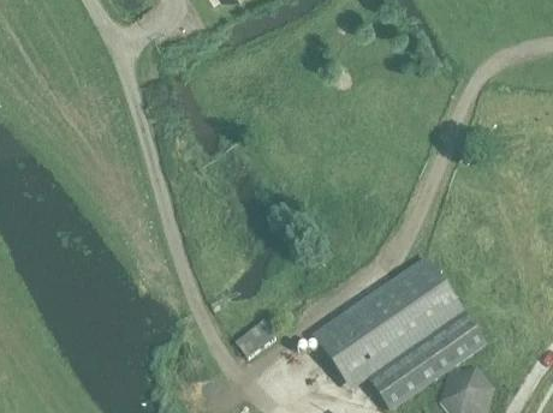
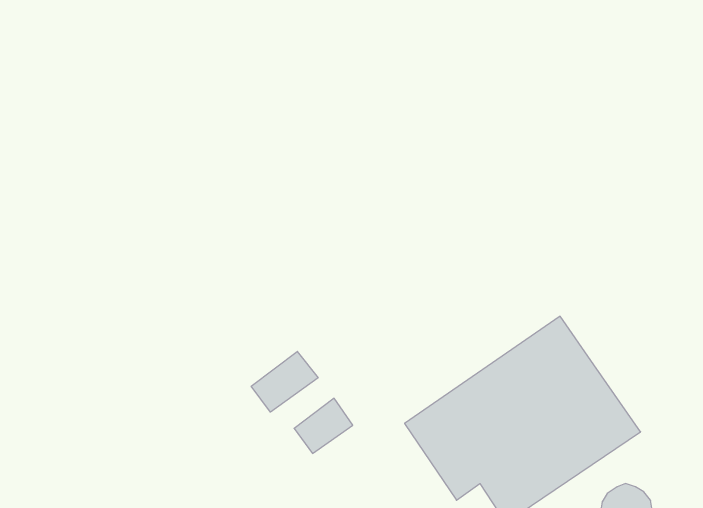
building: none -> [251,351,318,412]

